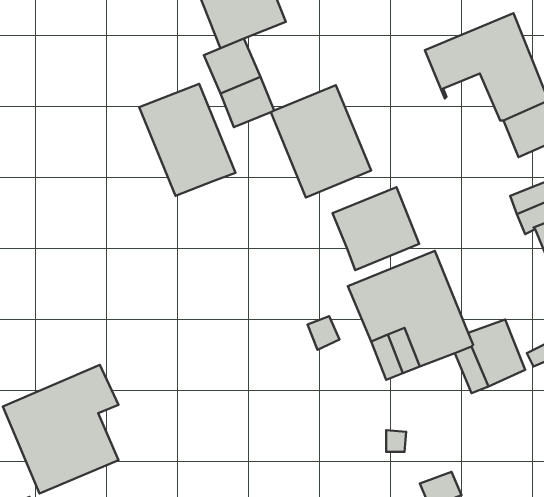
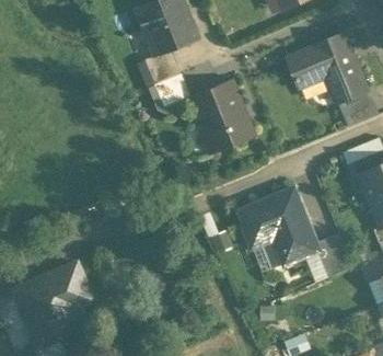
building: [139,84,236,196] -> none
building: [333,187,419,270] -> none

